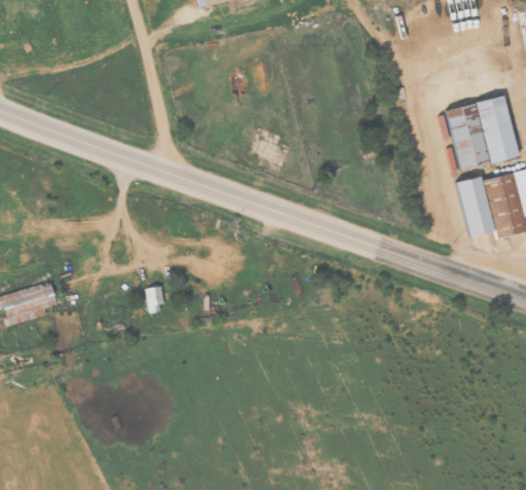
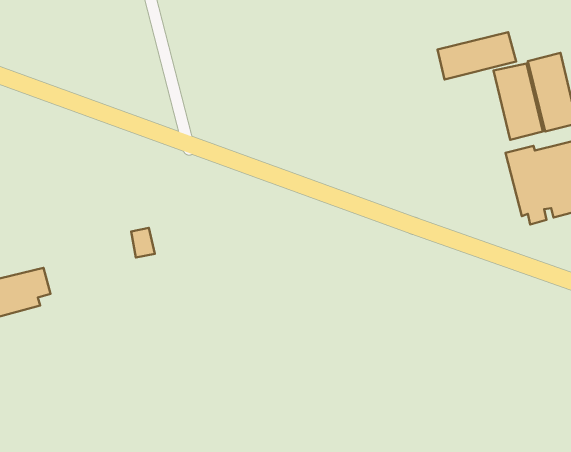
building: none -> [438,32,516,79]
building: [147,285,167,310] -> [131,228,155,257]

